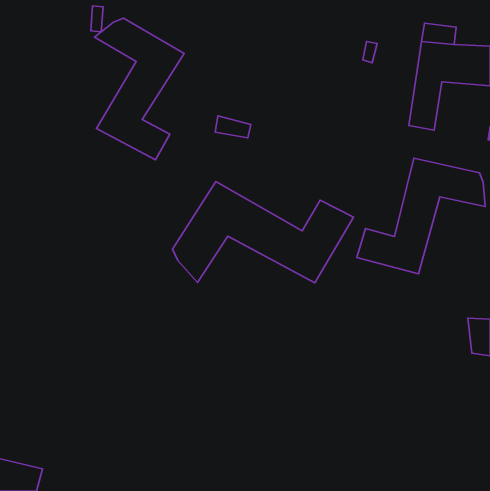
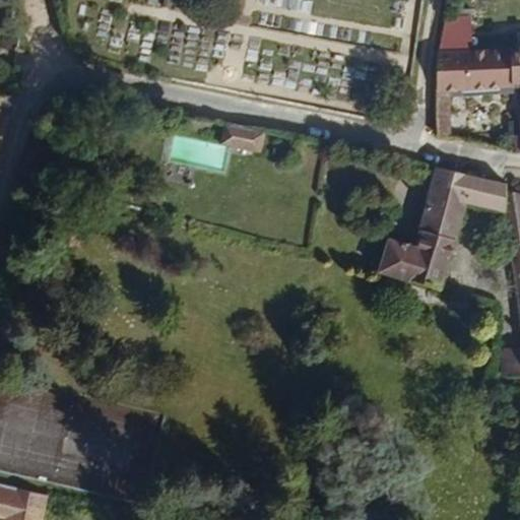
building: [95,18,184,160] -> none
building: [172,182,354,283] -> none

